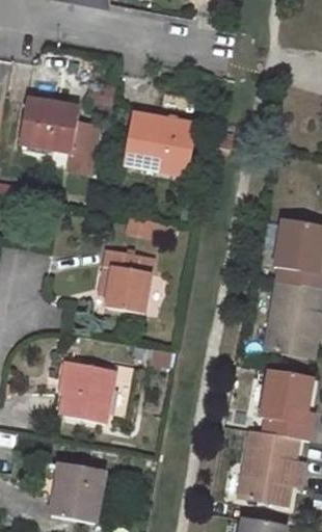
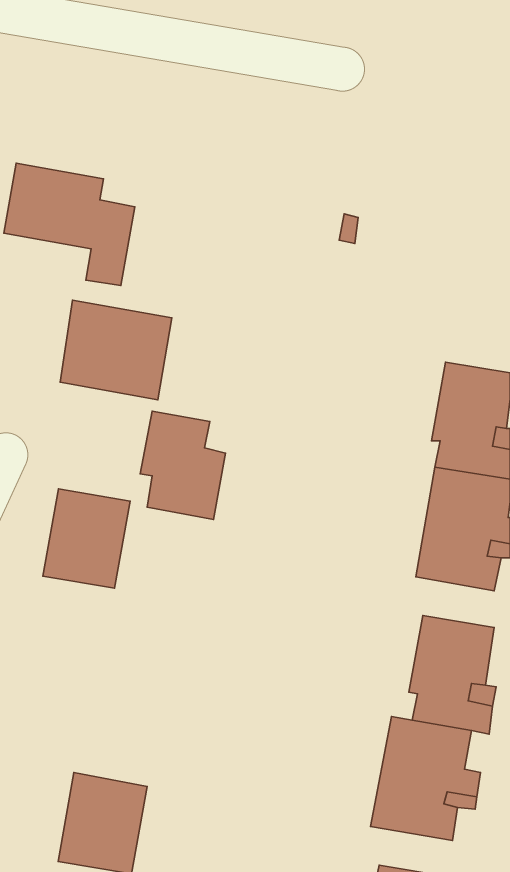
building: [127,114,193,174] -> [60,300,172,400]
building: [62,363,114,422] -> [43,489,130,588]

